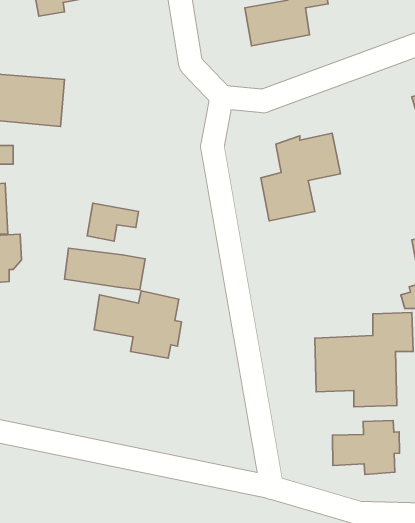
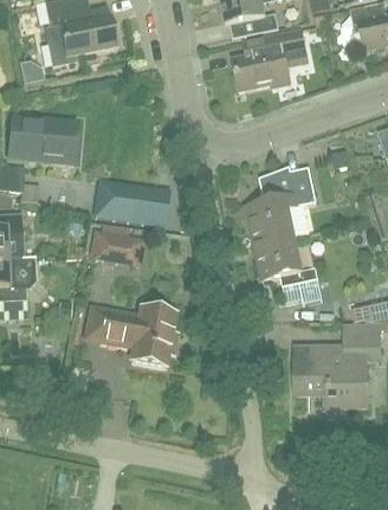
building: none -> [253,235,322,301]
building: [64,248,145,290] -> [93,186,164,222]
building: [333,420,399,474] -> none

